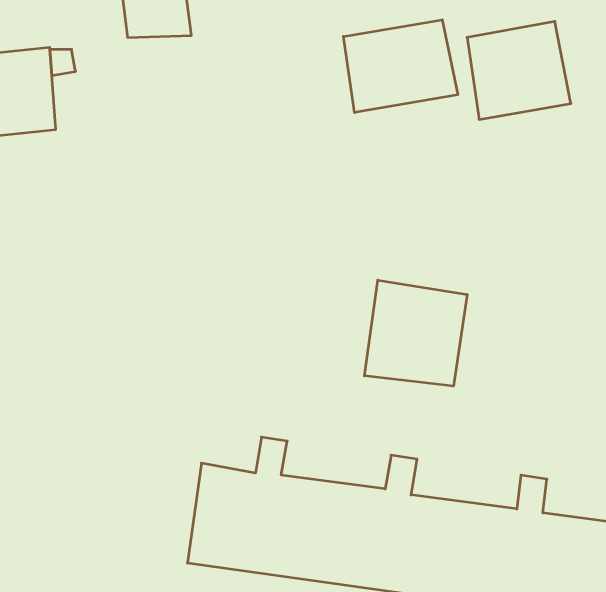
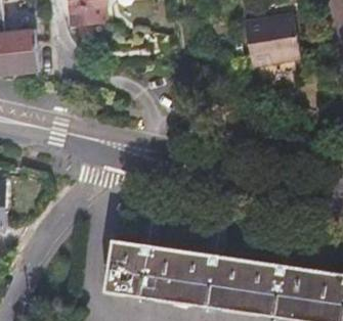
building: [343,20,458,113] -> none
building: [364,280,467,386] -> none

